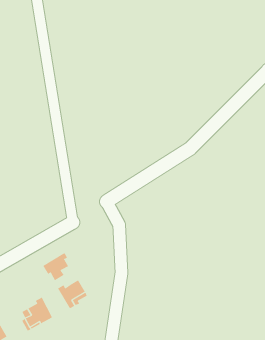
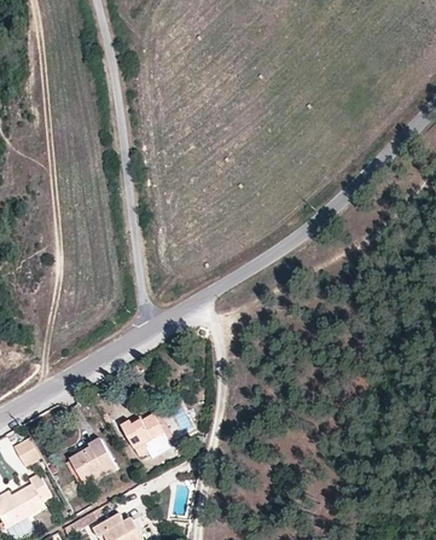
building: [43,252,69,281] -> none

